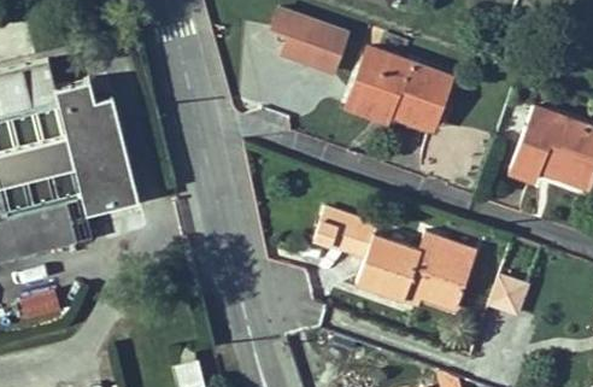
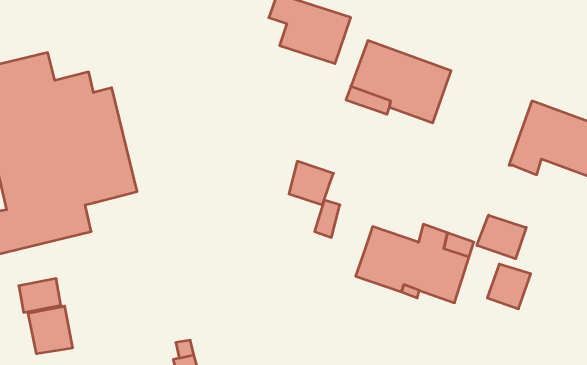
building: [331,212,376,256] -> [289,161,334,205]
building: none -> [477,215,526,259]
building: none -> [28,306,72,354]

